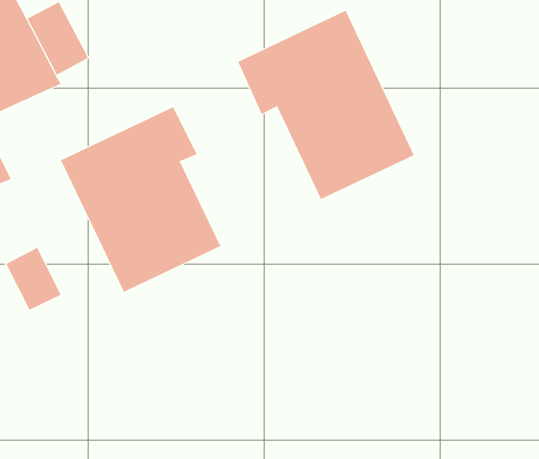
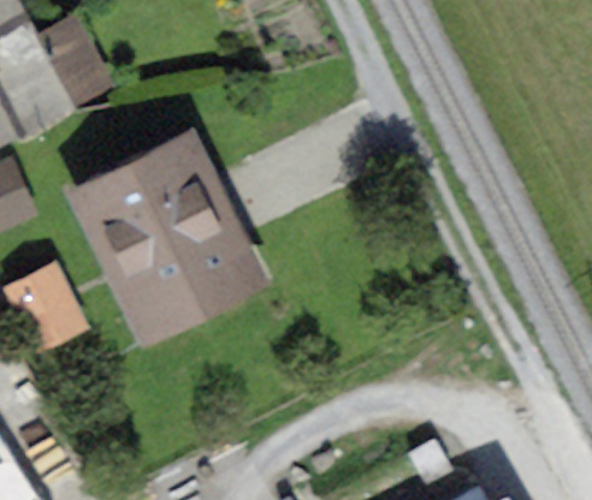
building: [237,10,415,200] -> none

